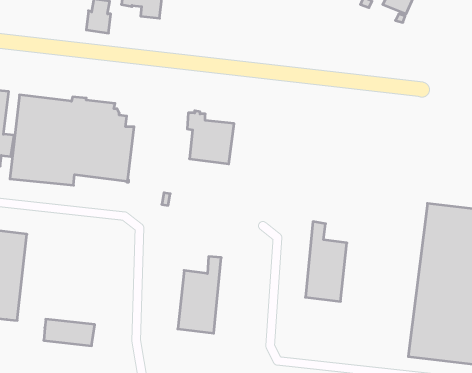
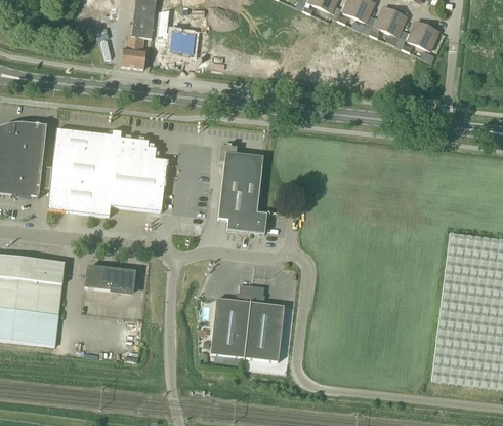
building: none -> [217,189,266,233]
building: [305,222,347,301] -> [244,284,284,361]
building: [44,319,95,346] -> [84,266,133,292]

